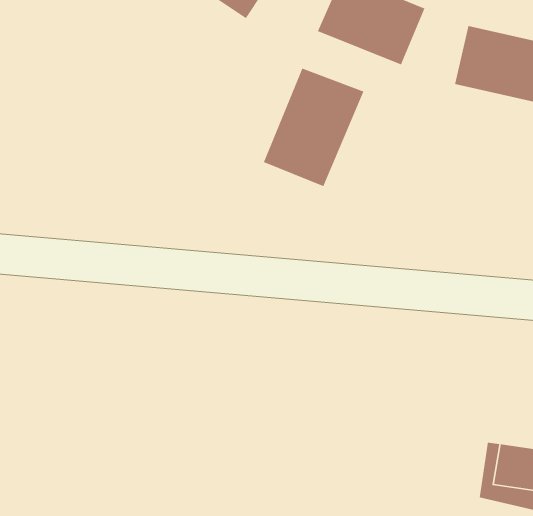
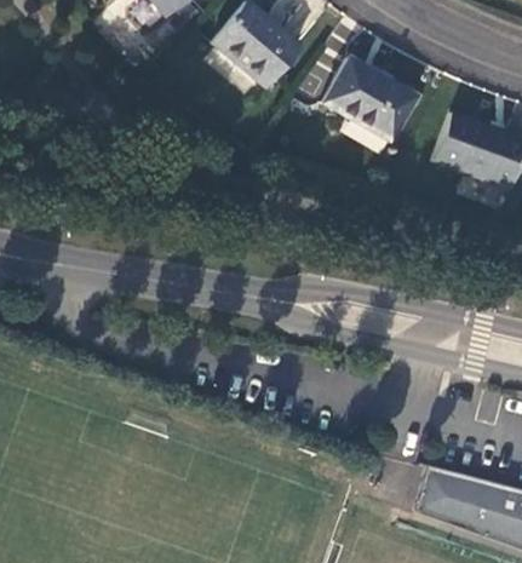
building: [263,67,364,187] -> none

